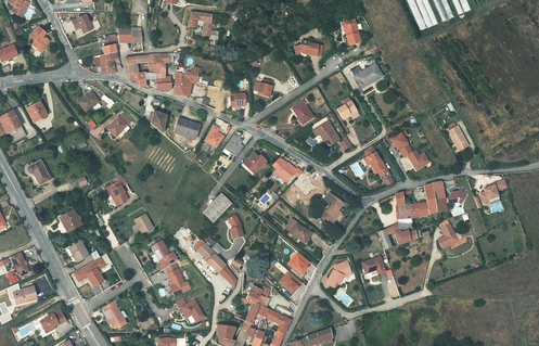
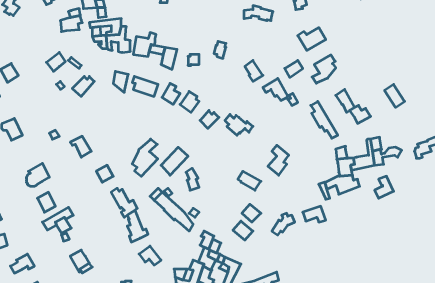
building: none -> [312,55,336,83]
building: none -> [132,139,158,176]

